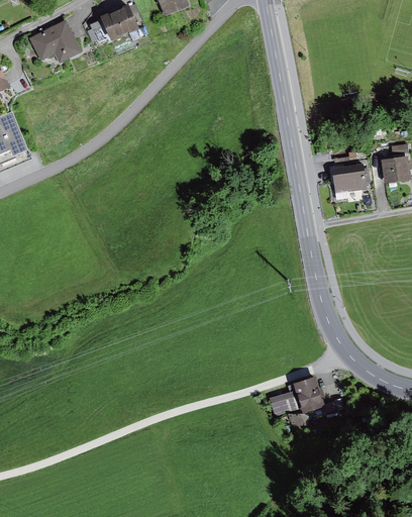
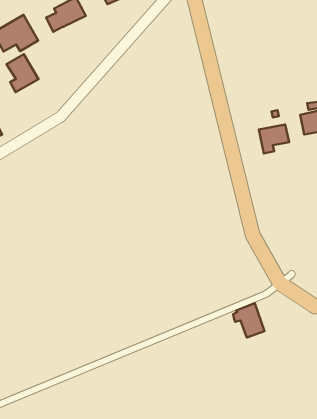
building: none -> [7,54,38,92]
building: [270,393,301,417] -> none

